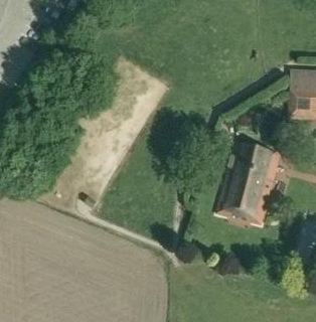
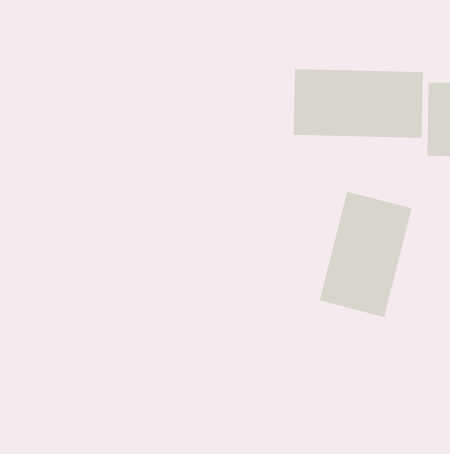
building: none -> [293,69,423,138]

